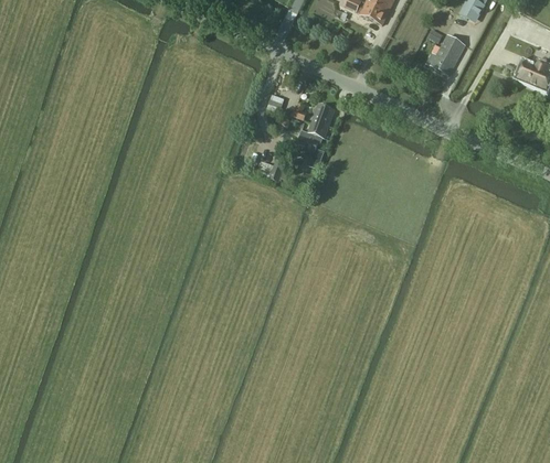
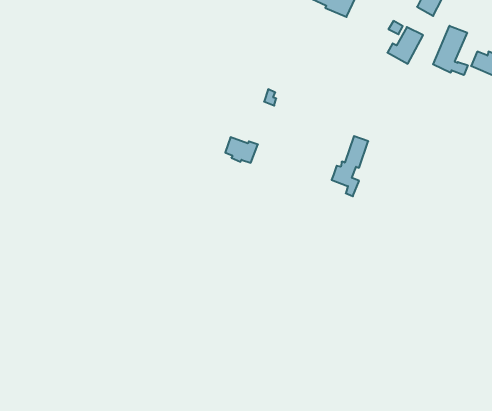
building: none -> [433,26,468,75]
building: [294,104,334,169] -> [332,136,368,196]

